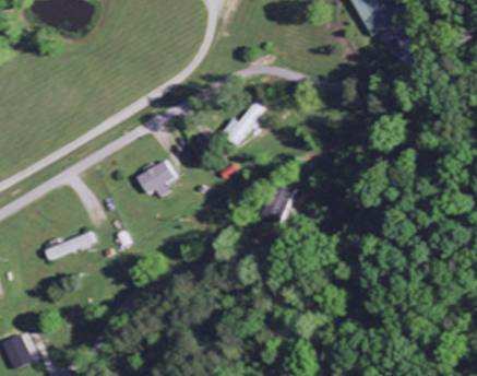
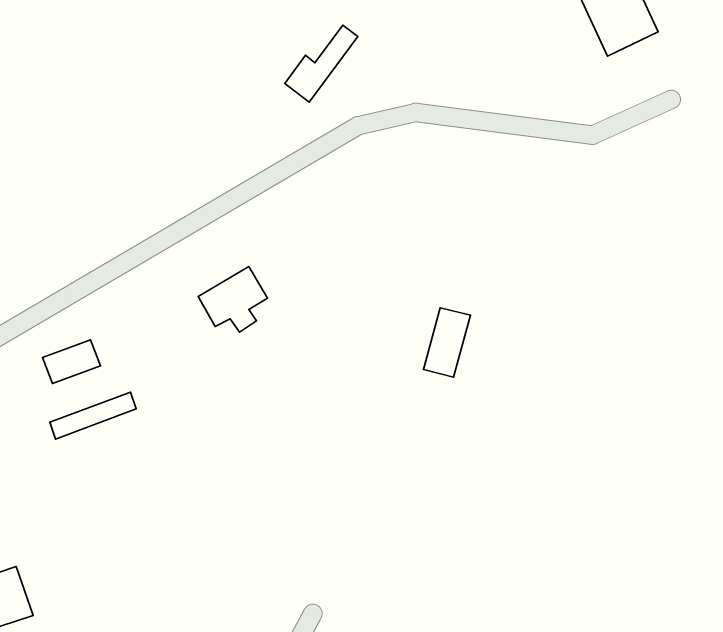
building: [220,99,263,144] -> [285,25,358,102]
building: none -> [43,340,100,384]

